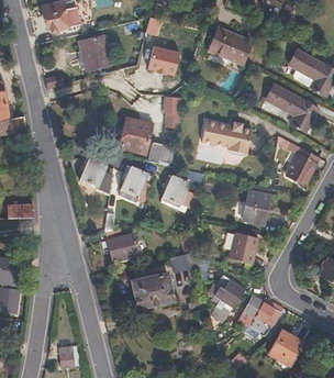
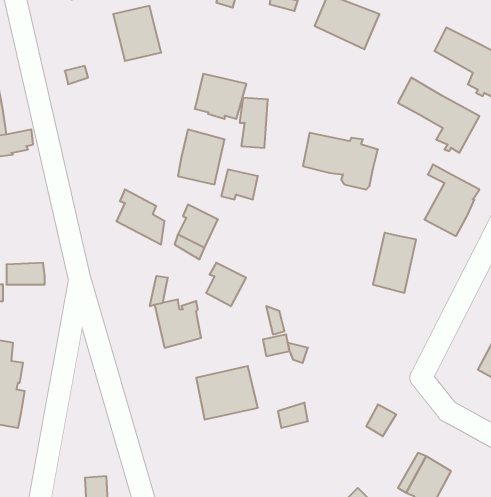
building: [147,46,181,76] -> [195,74,246,119]
building: [163,175,189,203] -> [206,263,246,306]
building: [227,231,256,263] -> none
building: [210,275,245,320] -> none
building: [253,299,282,333] -> none

